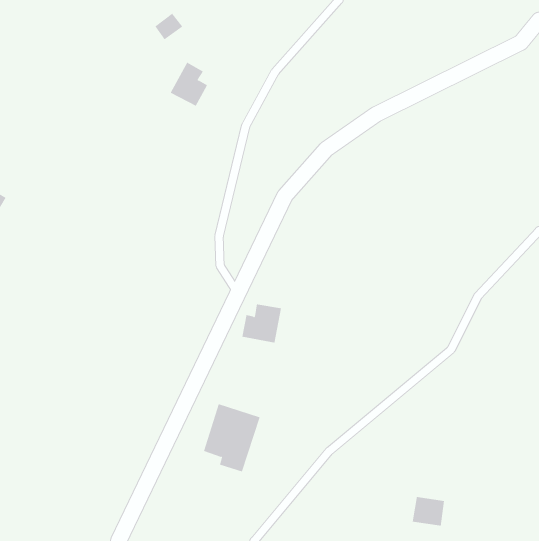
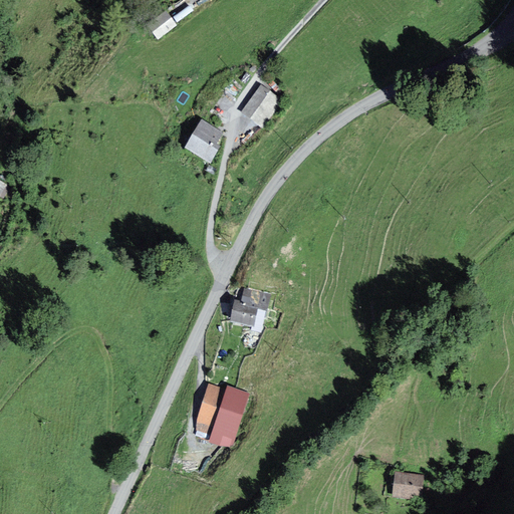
building: [170,62,208,106] -> [184,118,220,161]
building: none -> [240,86,279,127]

